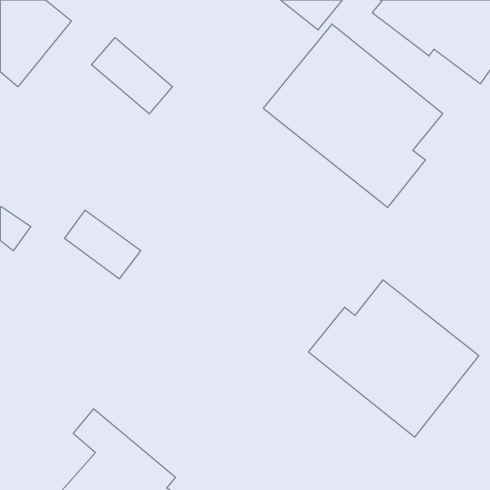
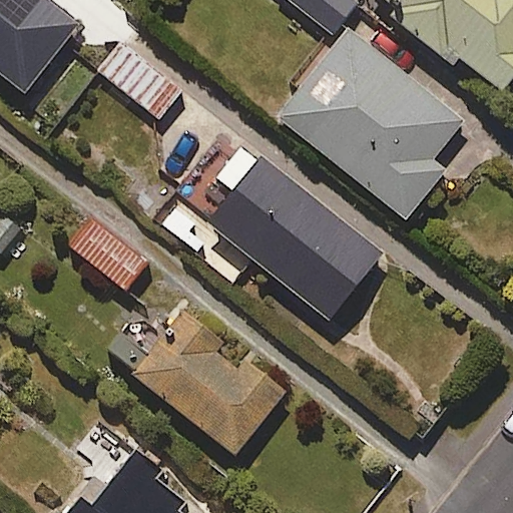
building: none -> [192,143,381,319]
building: [308,280,479,437] -> none
building: none -> [132,327,285,455]

